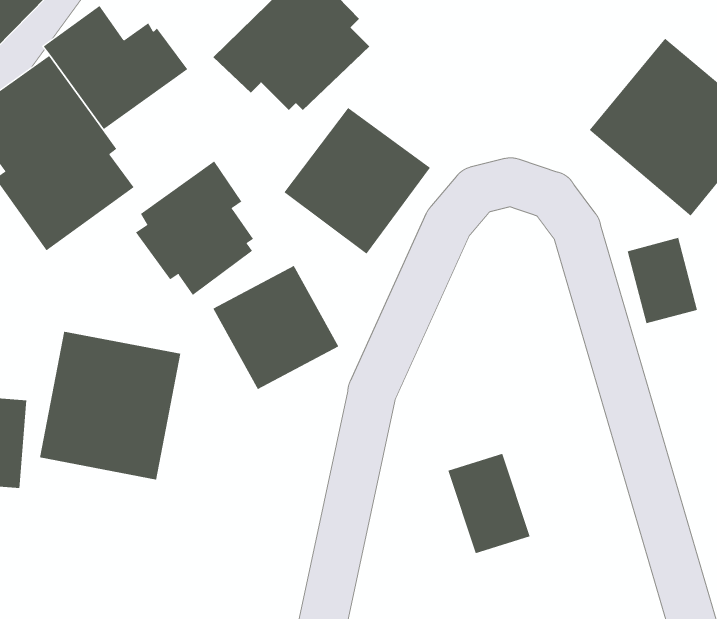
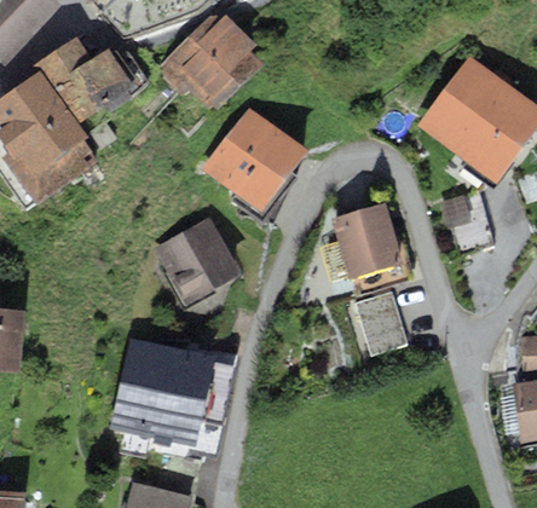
building: [135,160,254,296] -> none
building: none -> [331,204,400,277]
building: [39,331,181,480] -> [112,340,212,444]
building: [447,453,531,554] -> [352,290,410,360]

